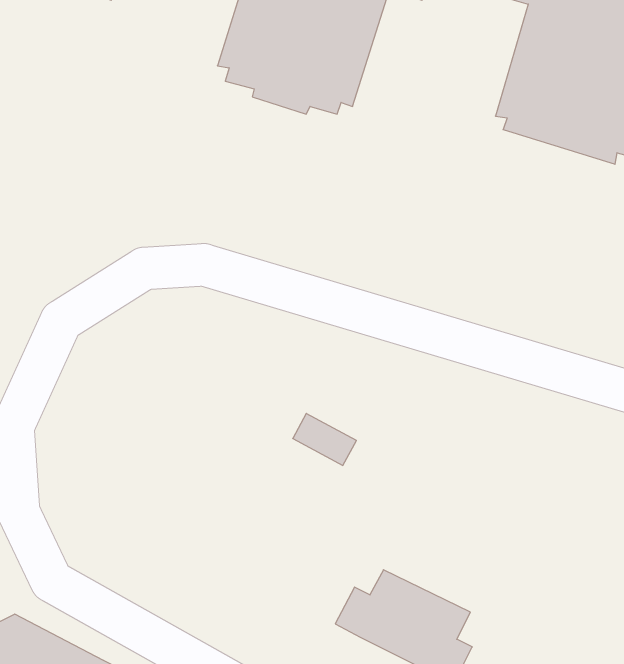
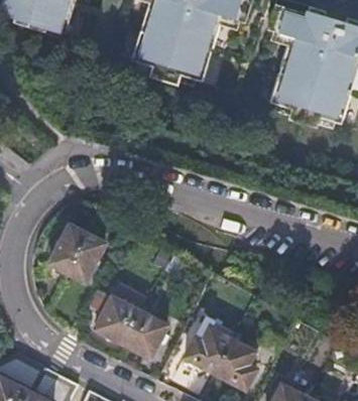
building: none -> [49,225,106,282]
building: none -> [96,296,168,357]

